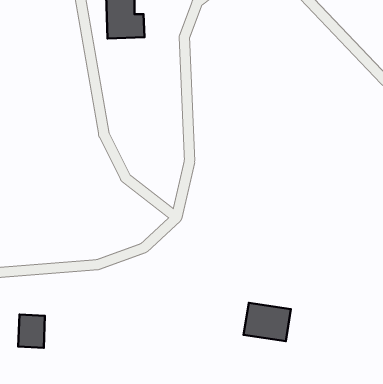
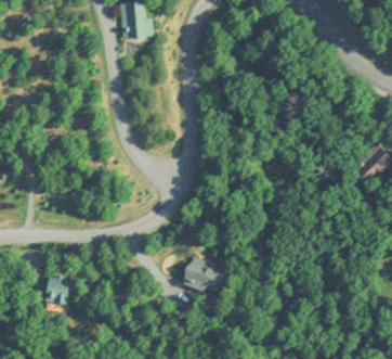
building: [244,303,291,341] -> [183,259,223,292]

